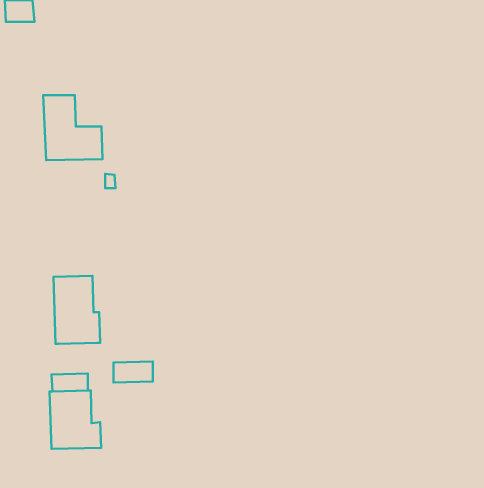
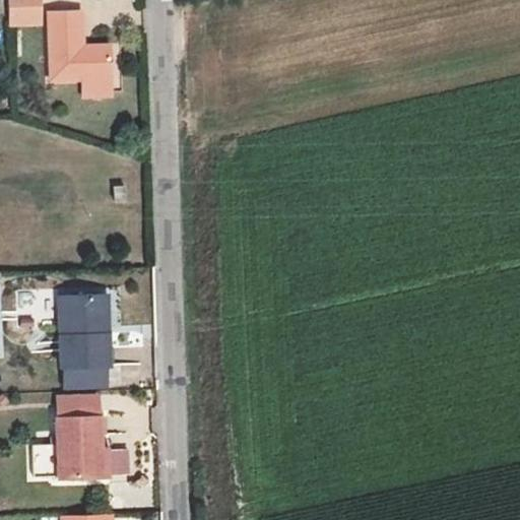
building: [43,95,102,160] -> [49,11,112,80]
building: [114,361,153,382] -> [66,365,108,387]

